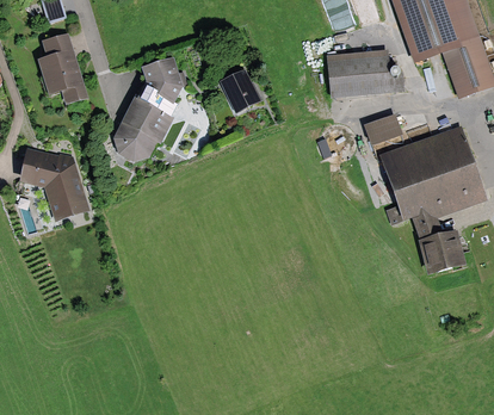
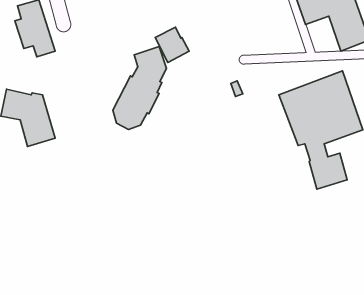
building: [326,49,405,98] -> none
building: [113,55,183,162] -> [113,46,166,130]
building: [363,112,402,145] -> none

